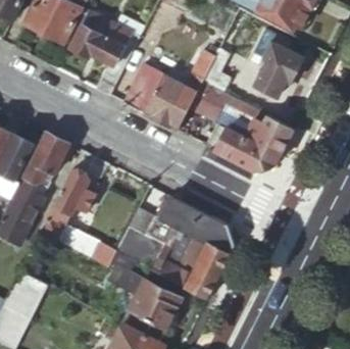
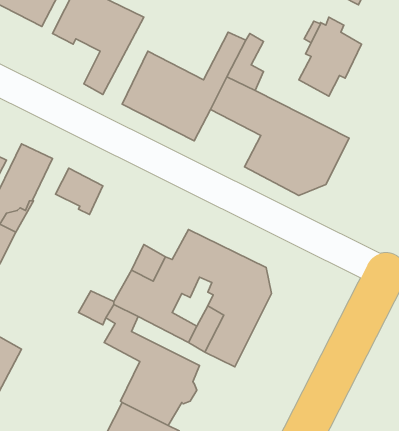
building: [46,170,99,230] -> none

